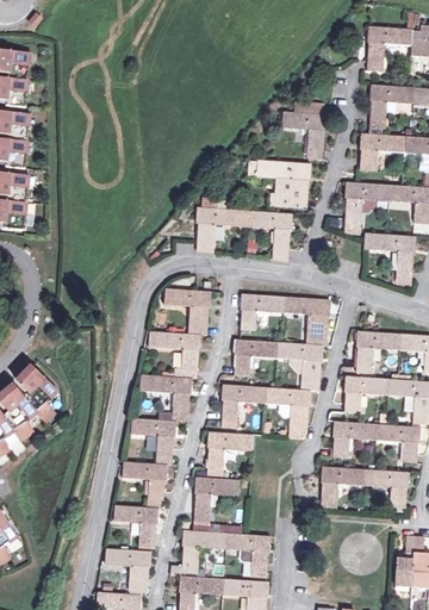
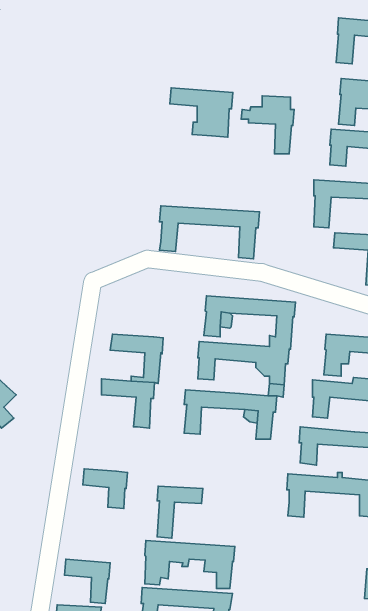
building: [249,160,310,207] -> [170,88,233,137]
building: [166,281,210,335] -> none
building: [131,418,175,465] -> none
building: [206,431,251,477] -> none
building: [114,505,157,547] -> none

